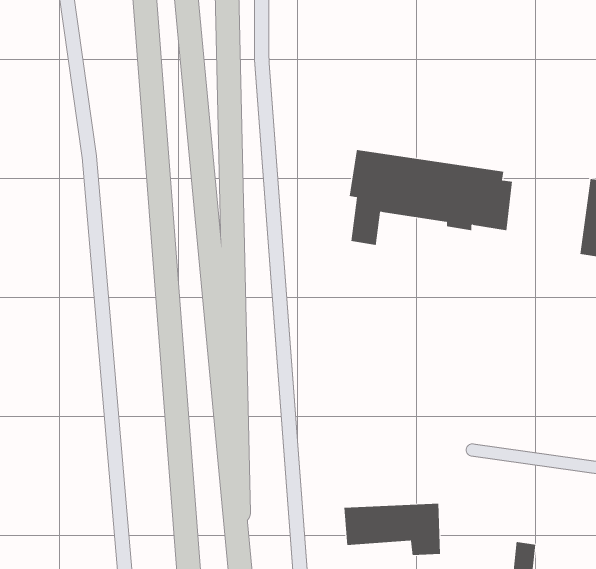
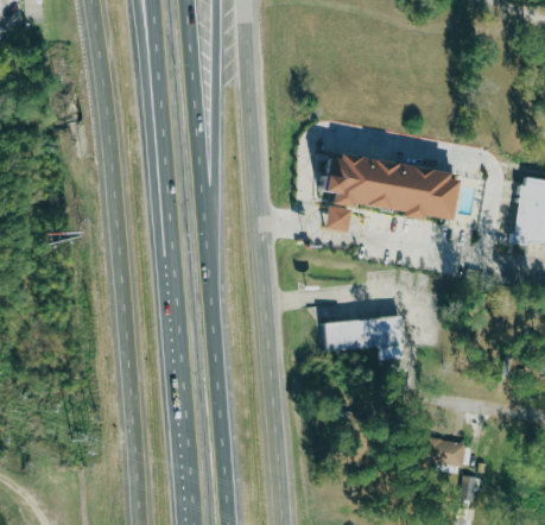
building: none -> [423,436,465,466]
building: [344,503,441,555] -> [324,316,404,359]

